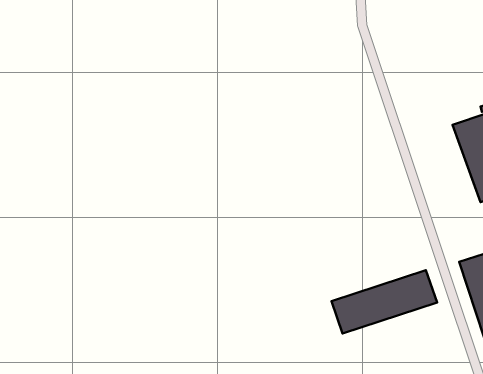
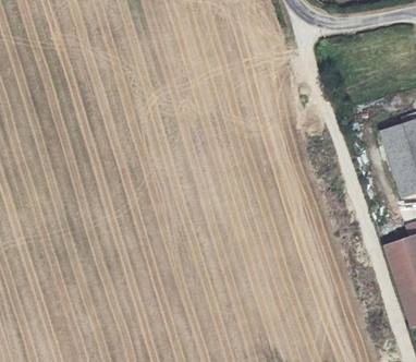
building: [331,270,437,334] -> none

